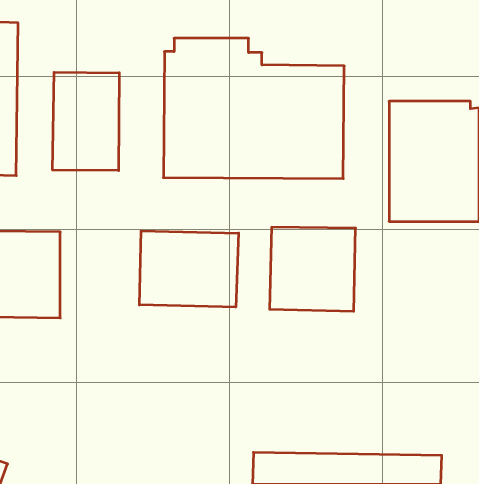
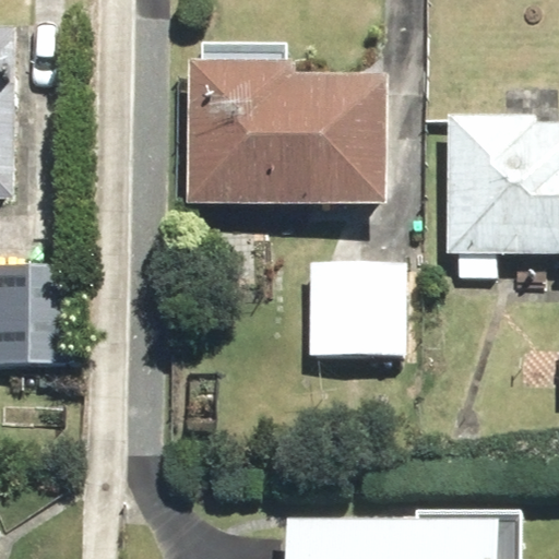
building: [53,72,119,171] -> none
building: [139,231,239,307] -> none

